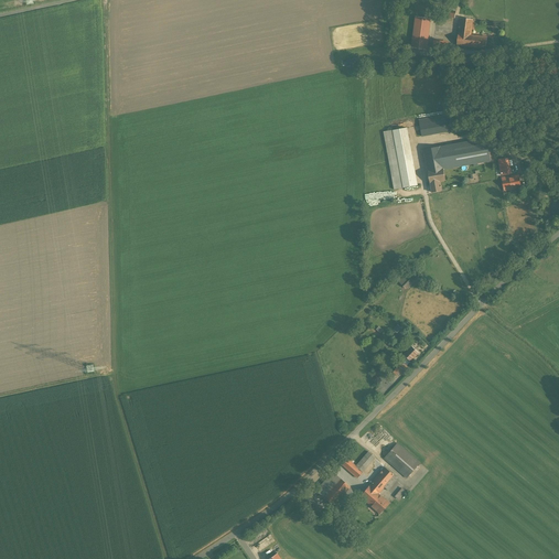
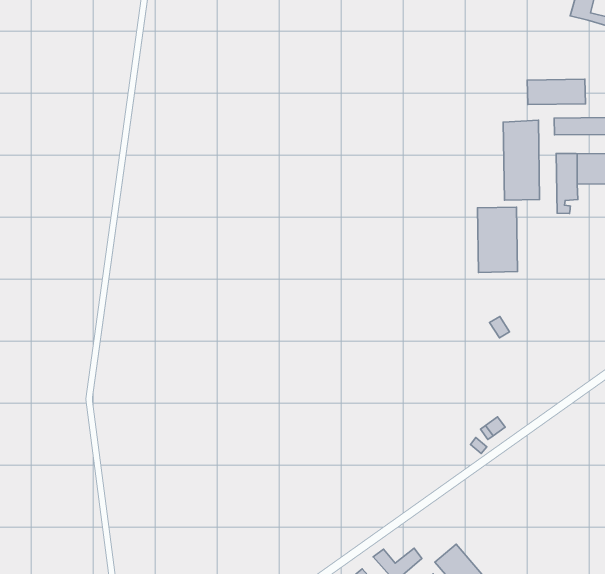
building: none -> [527,79,585,104]
building: none -> [478,207,517,273]

